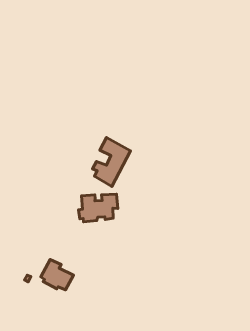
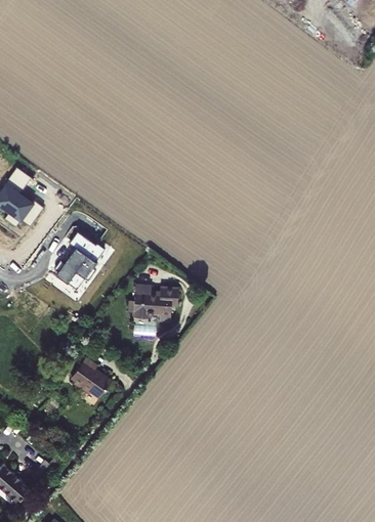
building: [93,137,130,186] -> [56,233,106,294]

